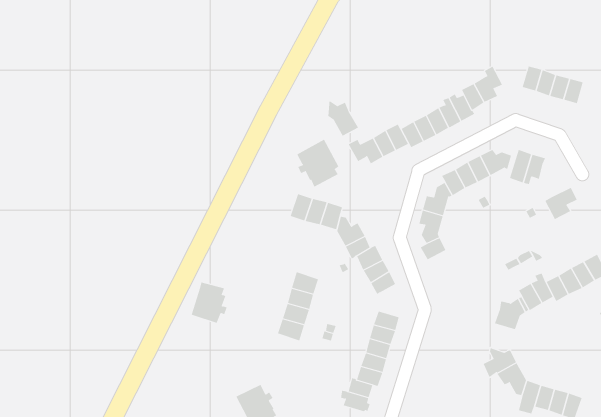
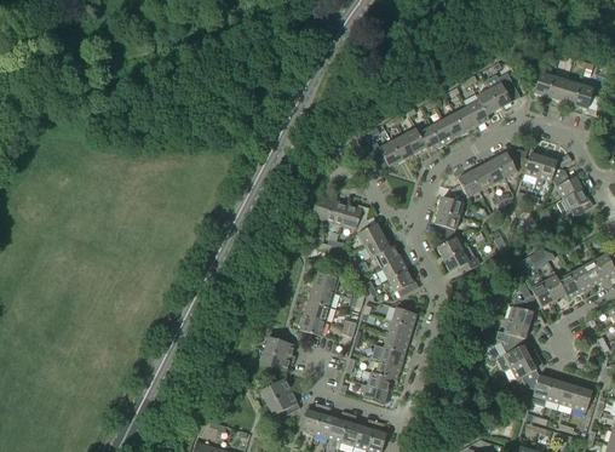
building: [328,100,359,136] -> none
building: [296,139,339,187] -> none
building: none -> [551,166,581,198]
building: none -> [443,245,478,271]
building: [191,282,227,324] -> [260,331,295,371]
building: none -> [494,319,528,347]

